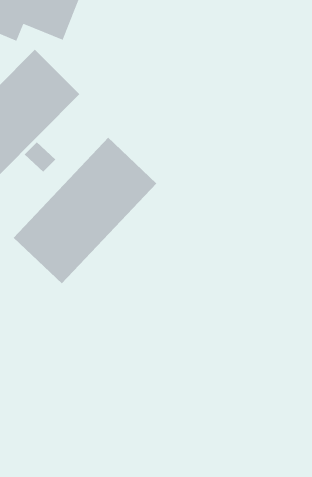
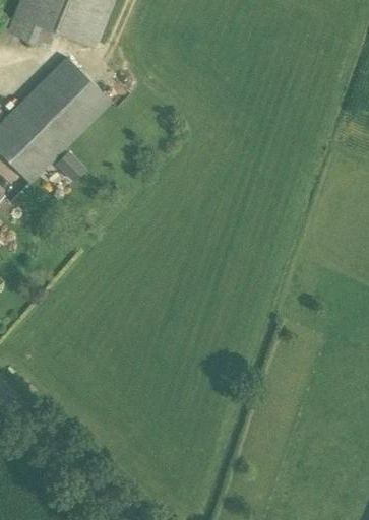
building: [13,137,157,284] -> none

